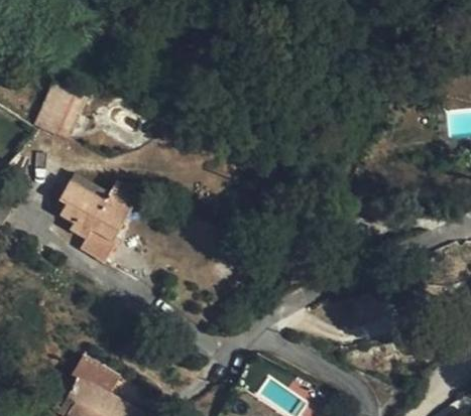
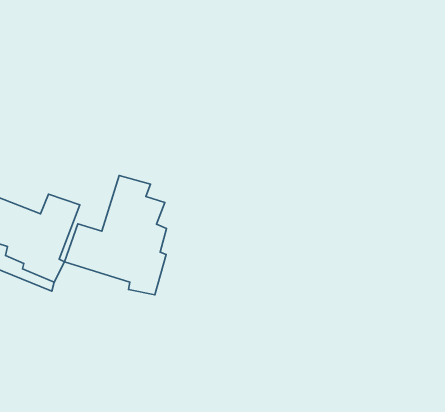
building: none -> [64,176,167,295]

